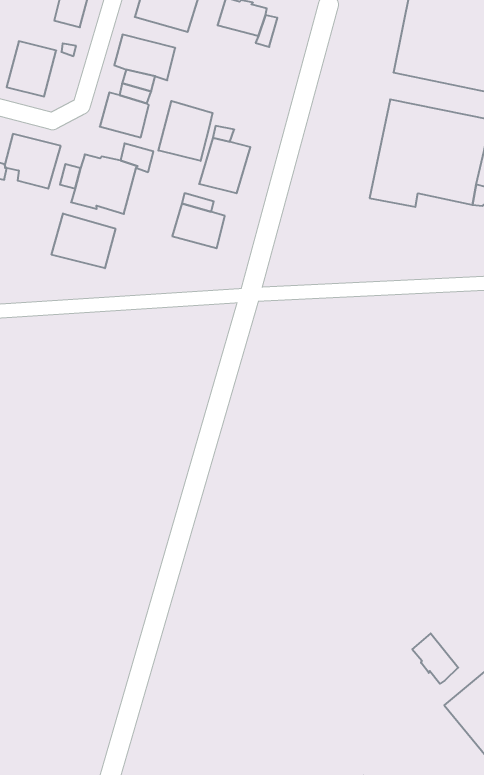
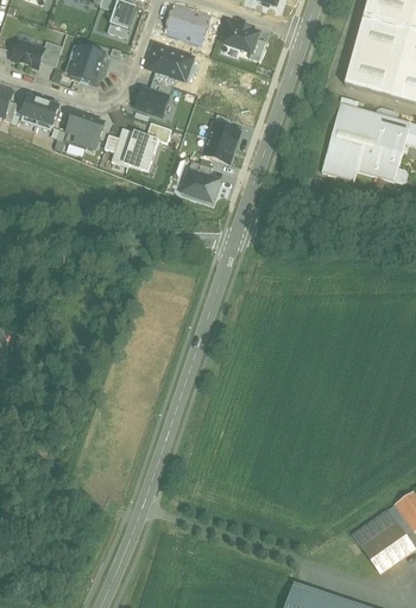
building: [158,101,213,161] -> none
building: [52,213,115,268] -> none
building: [412,633,458,684] -> none

